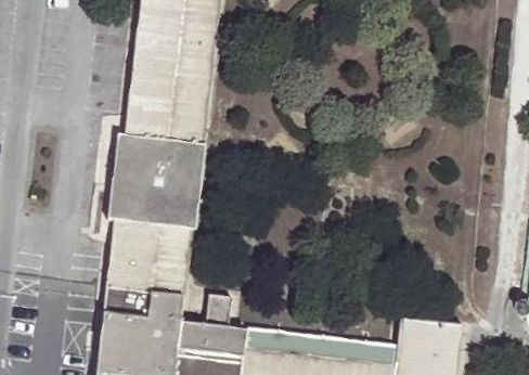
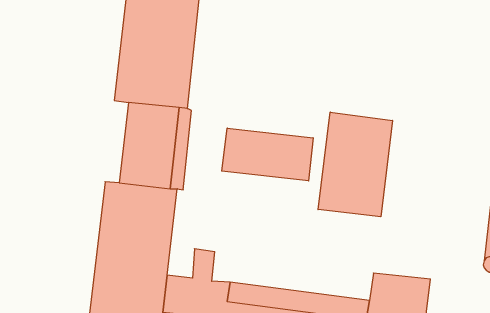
building: [106,131,141,220] -> none
building: none -> [318,112,392,217]
building: none -> [222,128,313,181]

